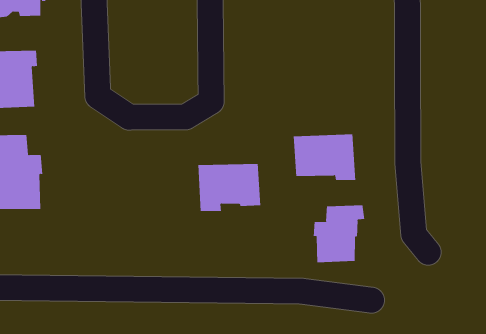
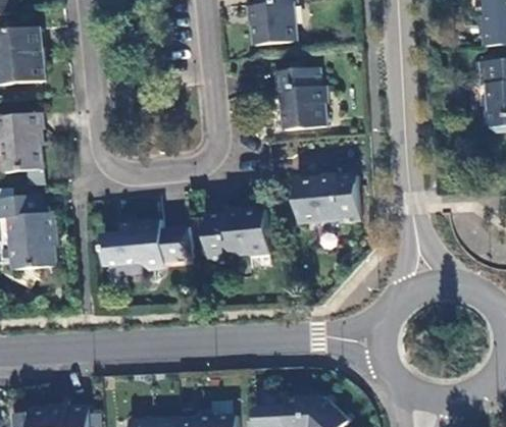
building: none -> [273,65,323,127]
building: none -> [96,220,191,270]
building: [313,204,365,263] -> none

